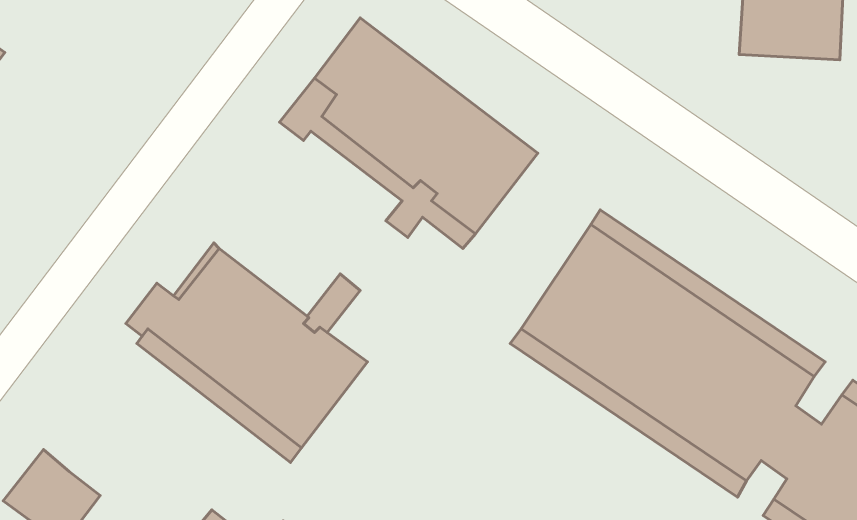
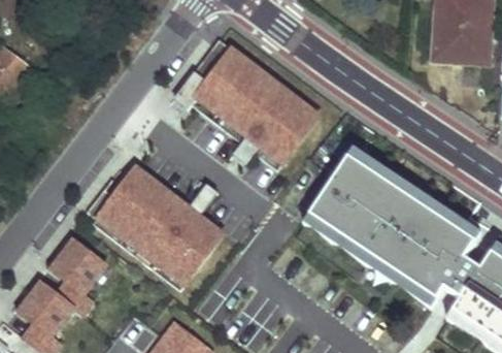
building: none -> [51,238,106,314]

